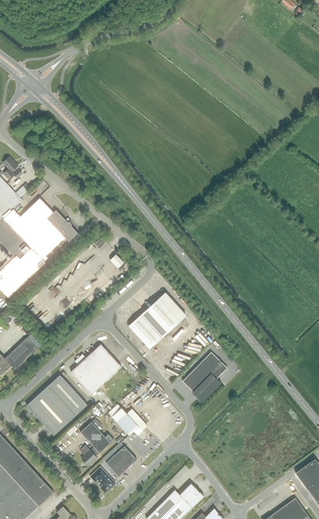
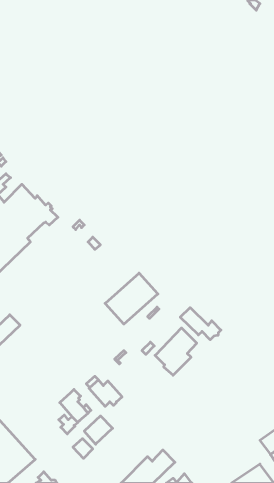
building: none -> [180,308,221,340]
building: [71,344,122,394] -> none
building: [26,375,87,436] -> none

